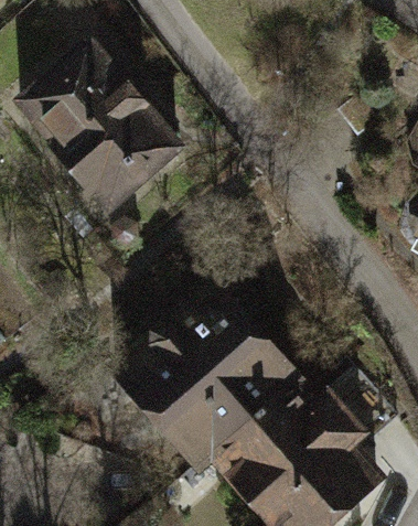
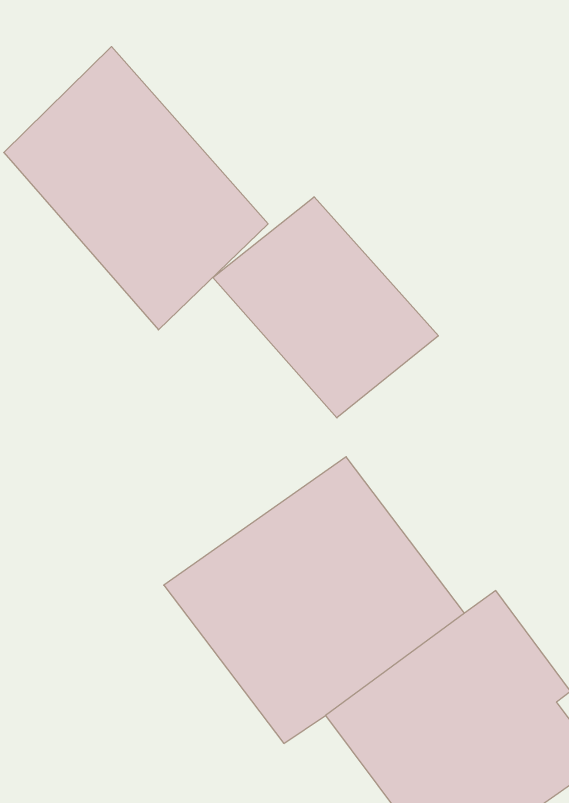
building: none -> [213,197,438,418]

